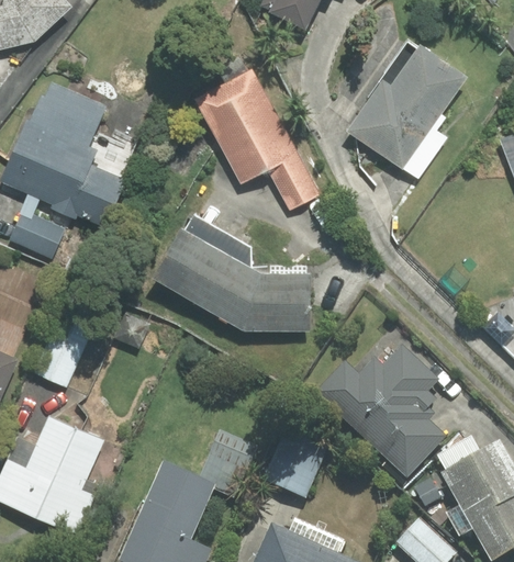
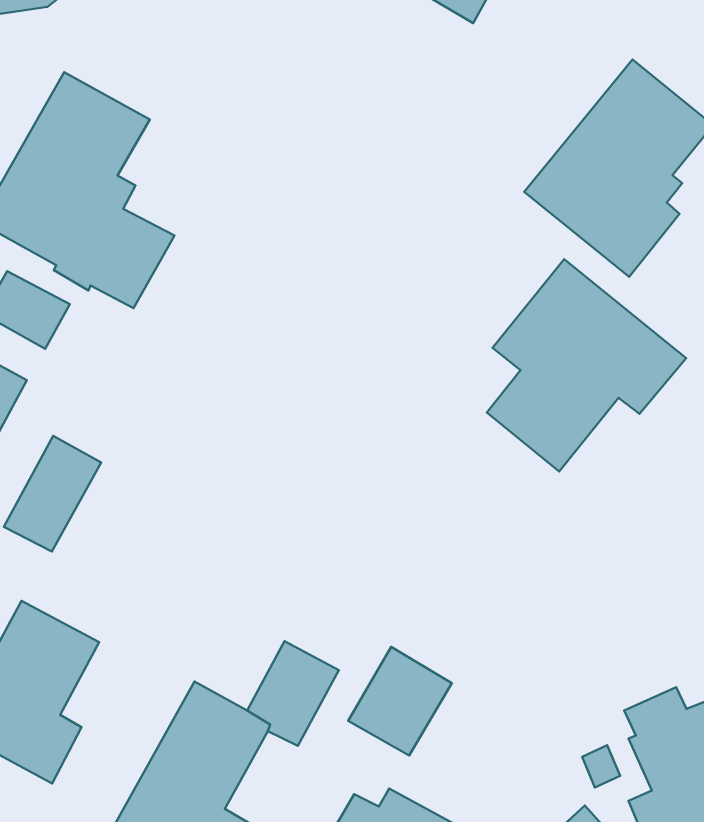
building: [195,70,316,207] -> none
building: none -> [487,259,686,471]
building: [154,214,308,328] -> none
building: [316,345,443,473] -> none

